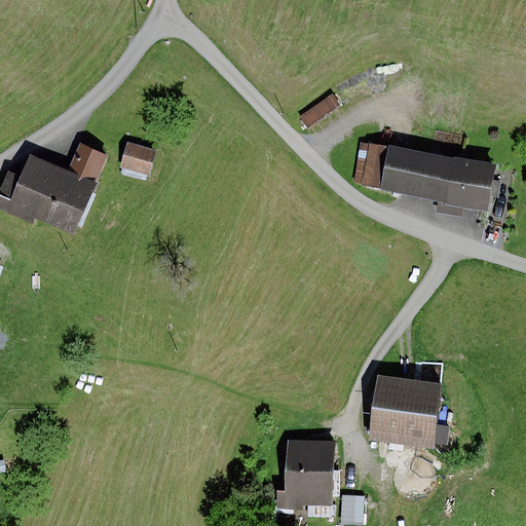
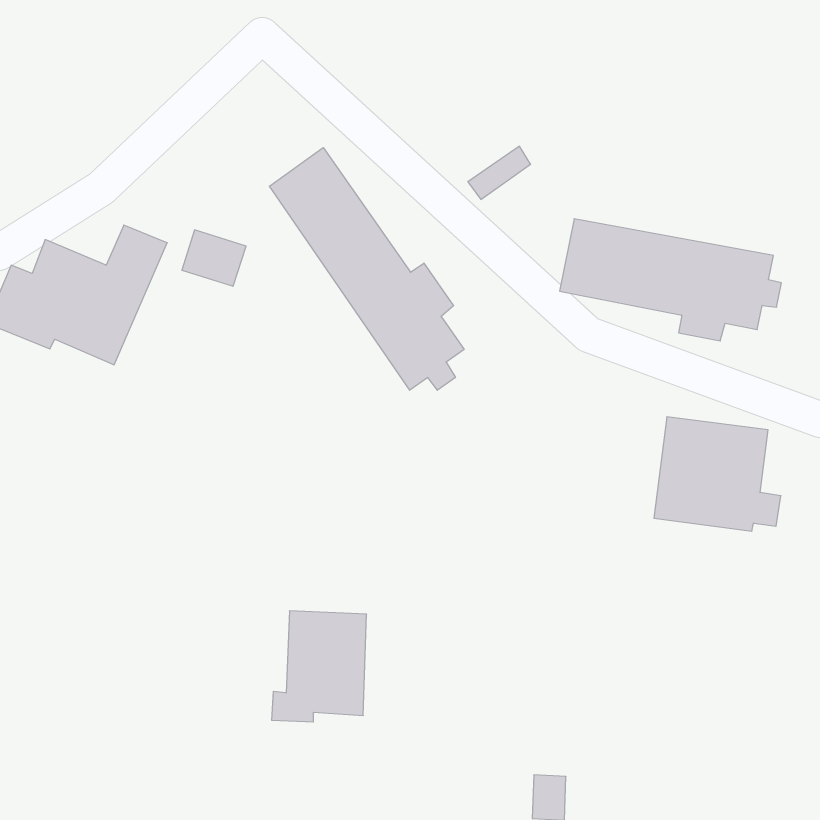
building: none -> [269,148,464,390]
building: [368,375,449,448] -> [654,417,781,531]
building: [274,439,335,510] -> [272,611,367,722]

